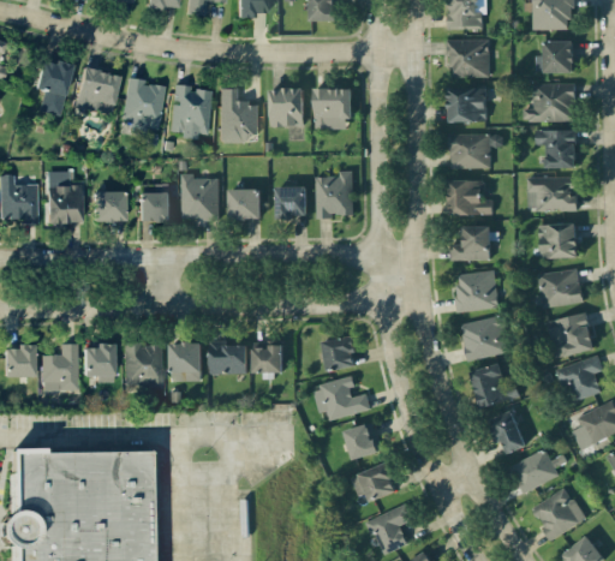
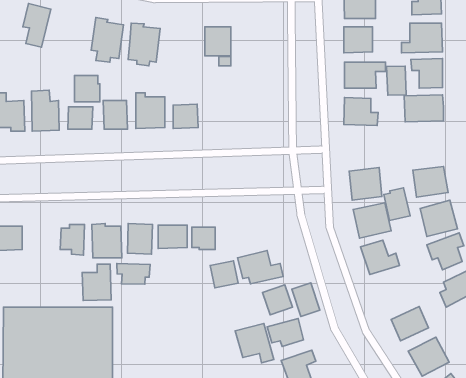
building: [74,67,119,114] -> none
building: [220,88,257,141] -> none
building: [315,89,352,130] -> none
building: none -> [386,66,406,95]
building: none -> [74,75,100,102]
building: [315,172,353,219] -> none
building: [275,186,306,220] -> none
building: [539,223,578,259] -> none
building: [450,227,491,261] -> none
building: none -> [384,188,410,221]
building: [321,336,357,371] -> [210,261,238,288]
building: [41,344,78,390] -> [82,264,111,301]
building: none -> [117,263,150,284]
building: [489,411,525,455] -> none
building: none -> [292,283,320,316]
building: none -> [235,324,274,363]

